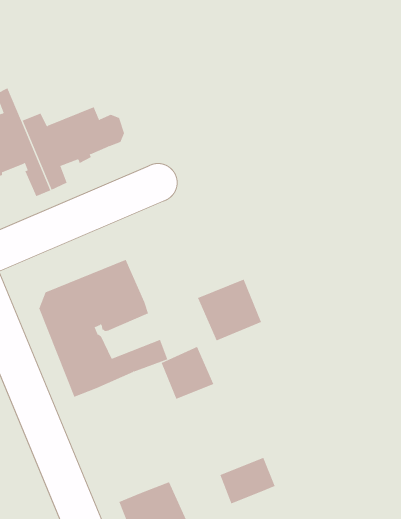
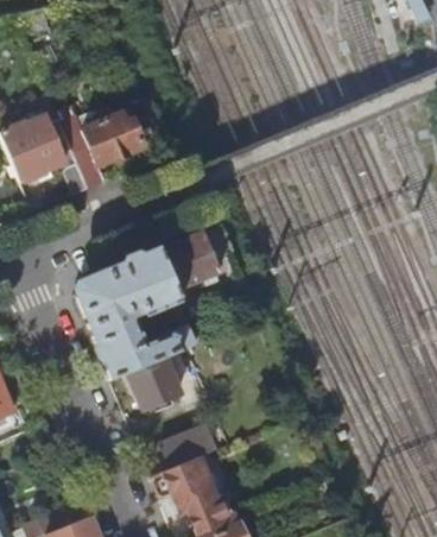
building: [197,279,262,341] -> [159,234,220,292]
building: [161,346,214,400] -> [132,358,182,408]
building: [219,457,275,504] -> [162,427,214,470]

